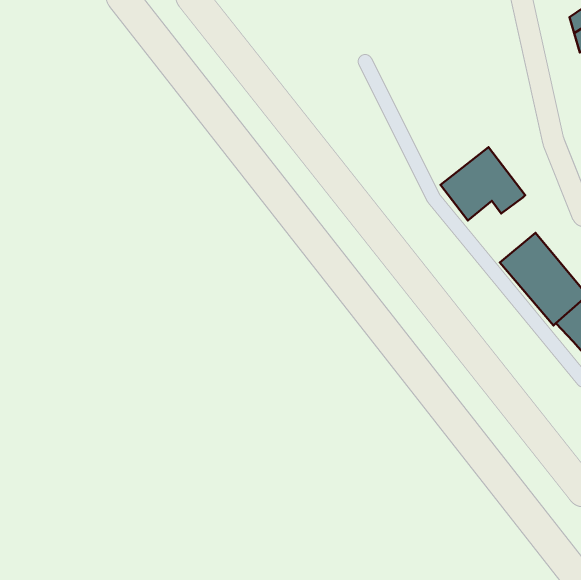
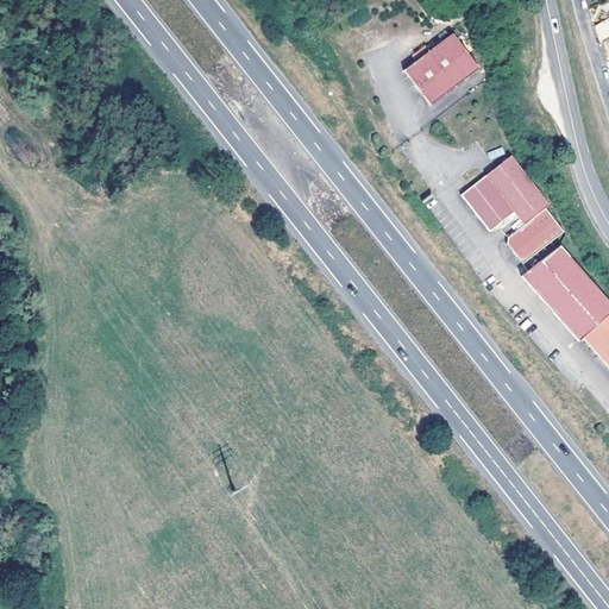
building: none -> [404,36,479,106]
building: none -> [508,206,565,260]

